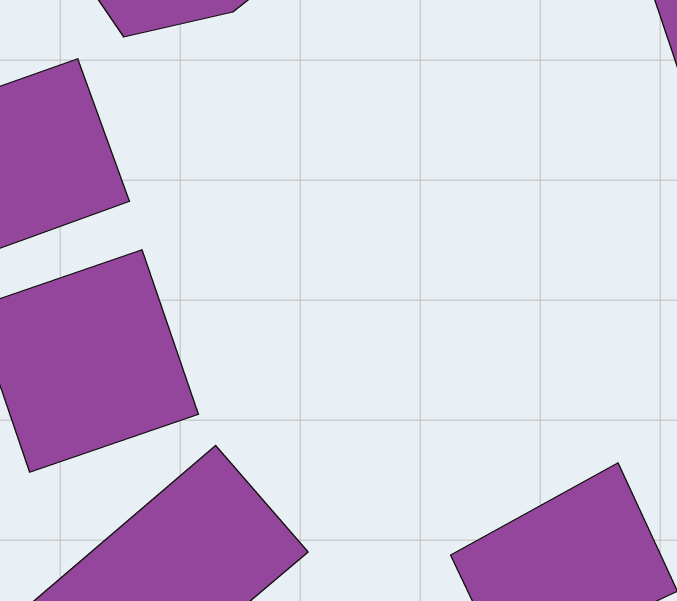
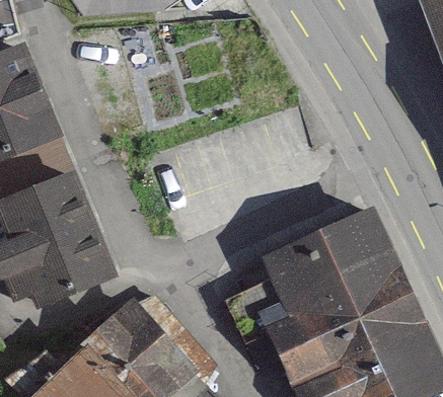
building: none -> [246,216,400,366]

